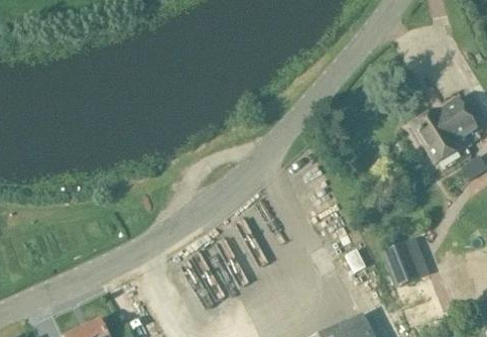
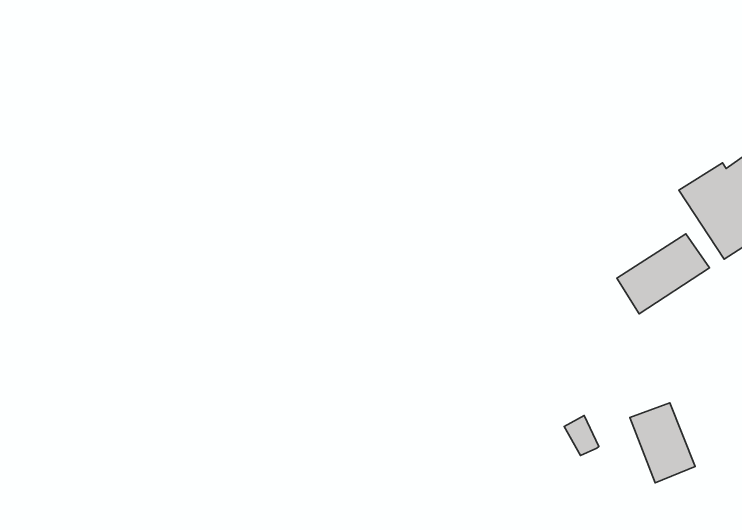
building: none -> [617,234,709,314]

